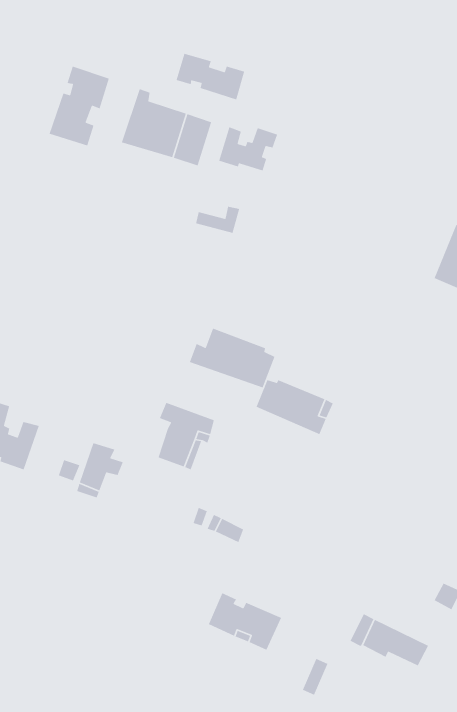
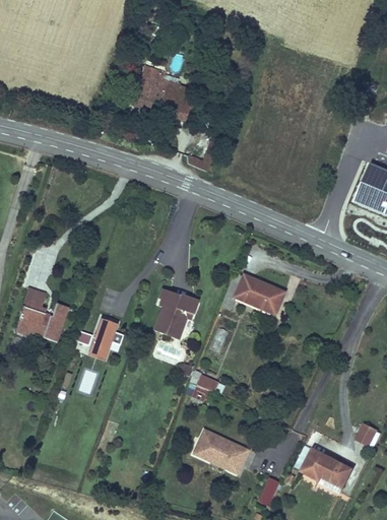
building: [175,53,245,100] -> none
building: [48,66,110,146] -> none
building: [218,126,278,172] -> none
building: [189,328,275,389] -> none

